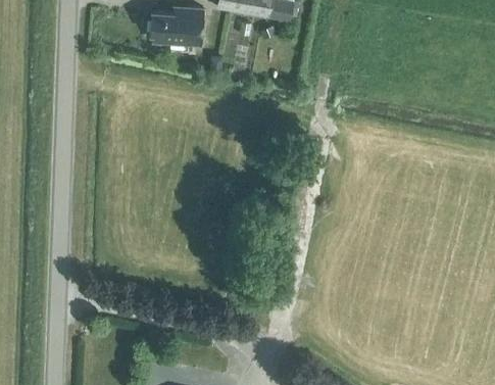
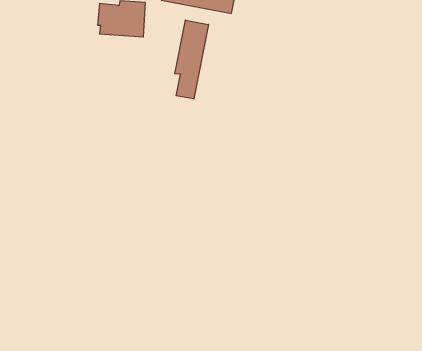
building: none -> [175,20,208,99]

